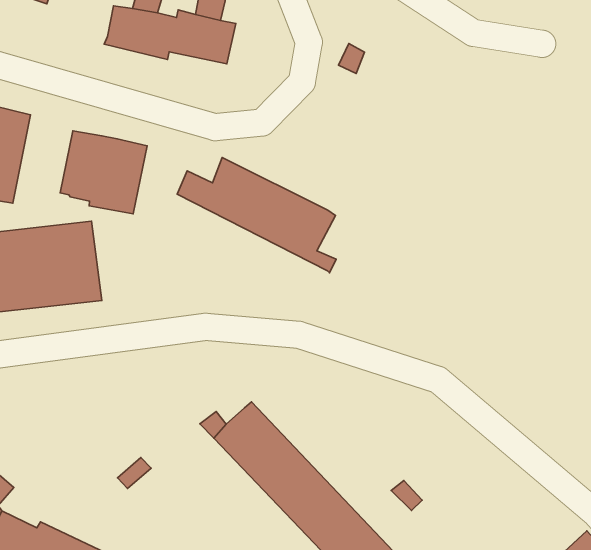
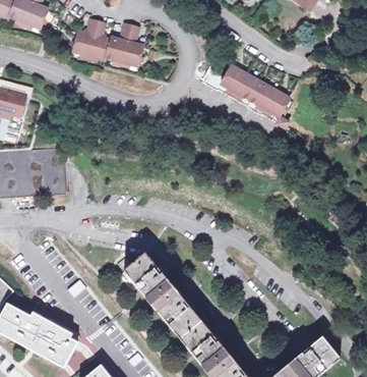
building: [60,131,147,214] -> none
building: [177,157,336,273] -> [208,66,293,131]

